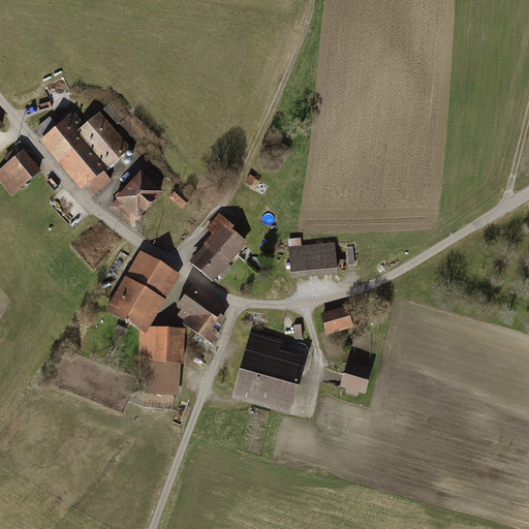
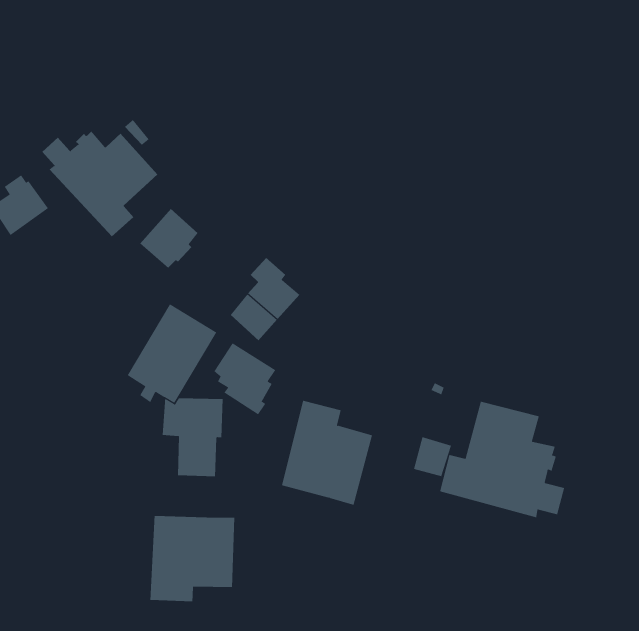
building: [288,235,337,277] -> none
building: [321,305,352,332] -> none
building: none -> [440,401,565,518]
building: none -> [150,515,235,602]

